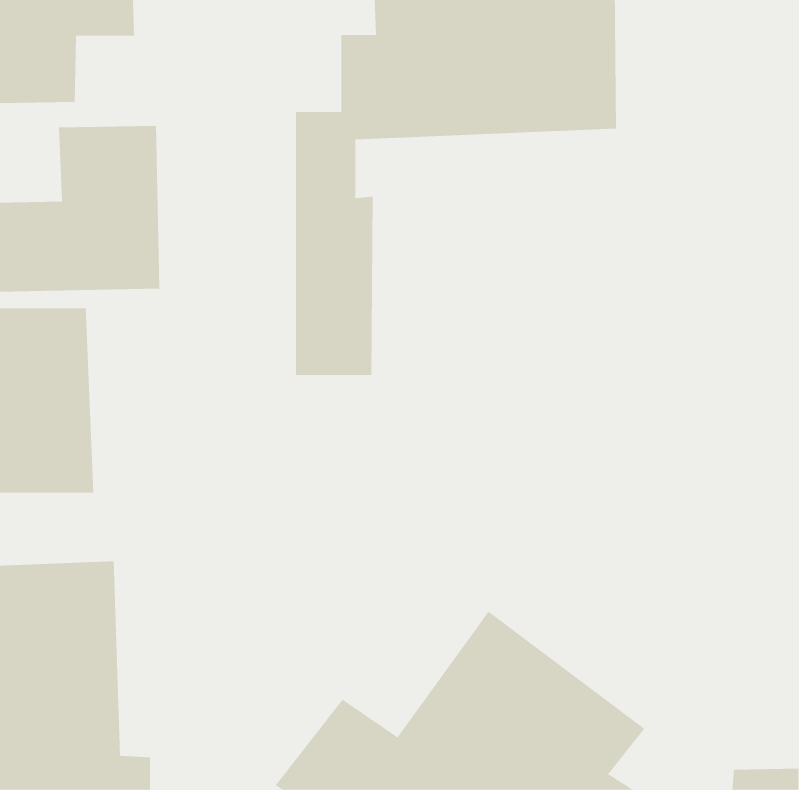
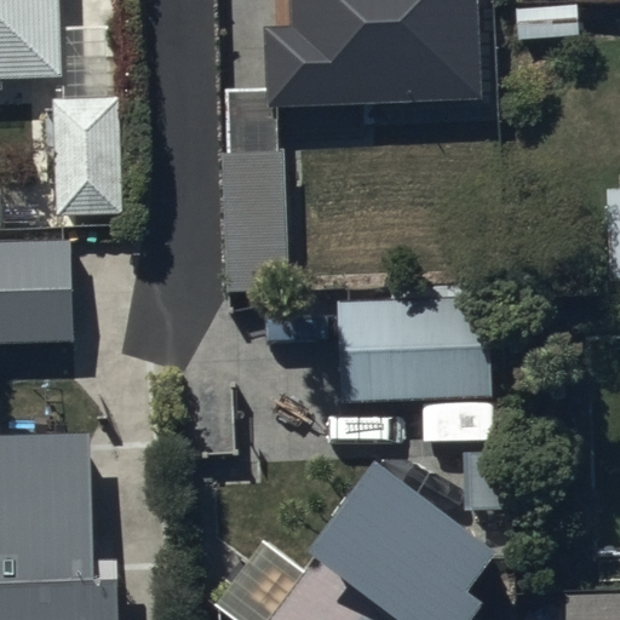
building: none -> [339,297,500,443]

